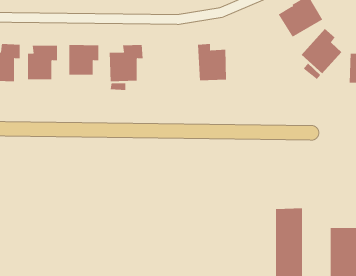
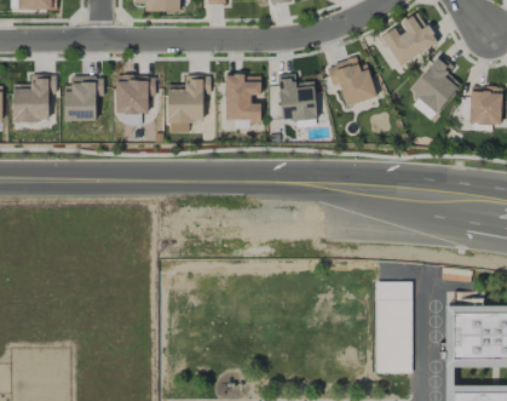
building: none -> [327,57,376,107]
building: none -> [225,75,261,120]

